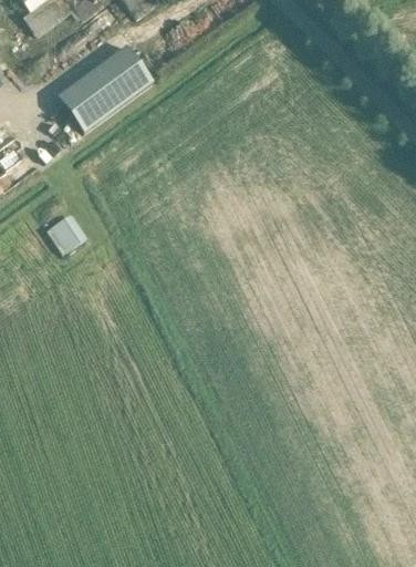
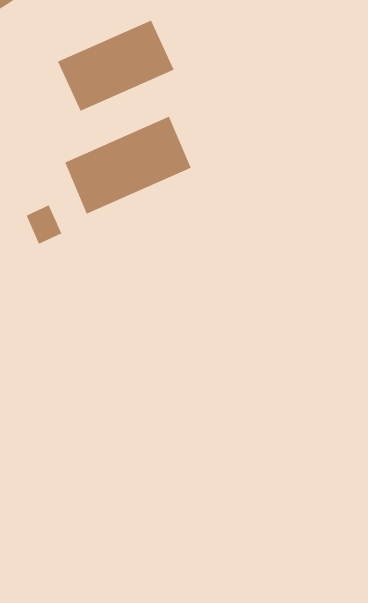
building: none -> [64,116,191,215]

